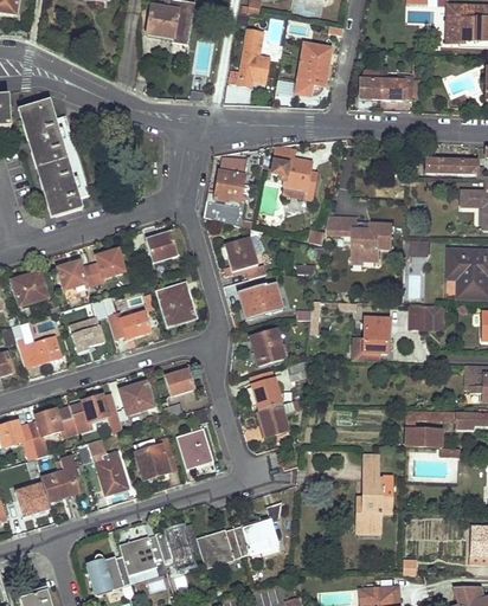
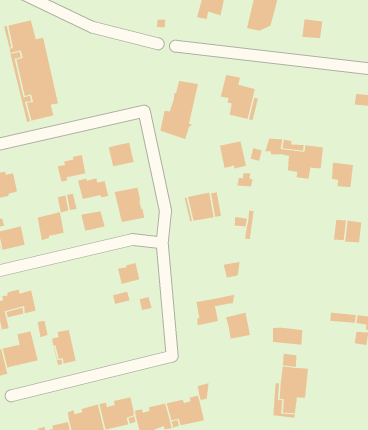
building: [381,76,412,99] -> none
building: [225,238,258,271] -> [219,141,247,169]
building: [57,263,95,289] -> [77,178,109,200]
building: [355,302,389,353] -> none
building: [250,328,284,363] -> none
building: [251,378,282,410] -> [225,312,251,339]
building: [120,382,153,414] -> none
building: [70,397,123,434] -> none
building: [176,425,212,465] -> none
building: [405,427,441,446] -> [272,327,303,345]
building: [135,437,176,478] -> none

